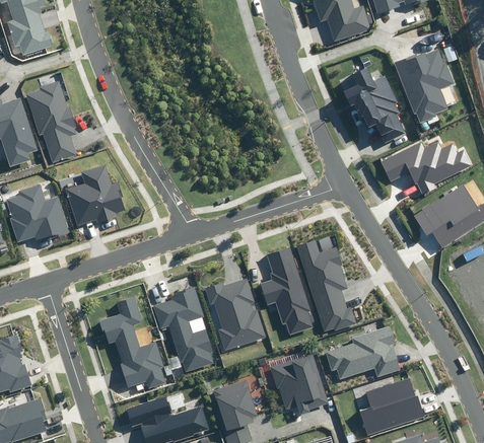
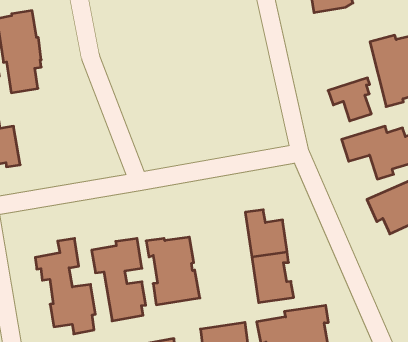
building: [344,68,396,116] -> none
building: [65,164,124,226] -> none
building: [260,247,312,335] -> none

